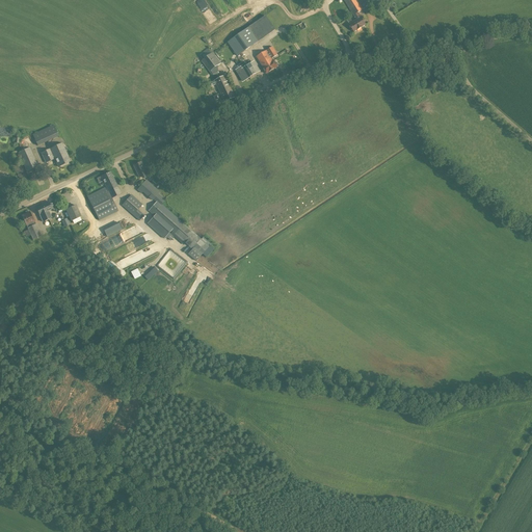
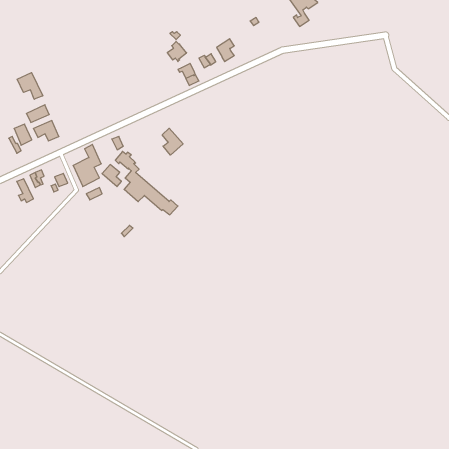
building: [227,15,274,56] -> none
building: none -> [17,73,43,99]
building: none -> [162,128,183,155]

